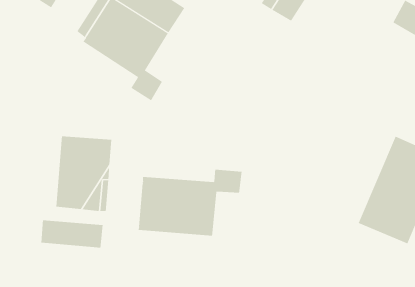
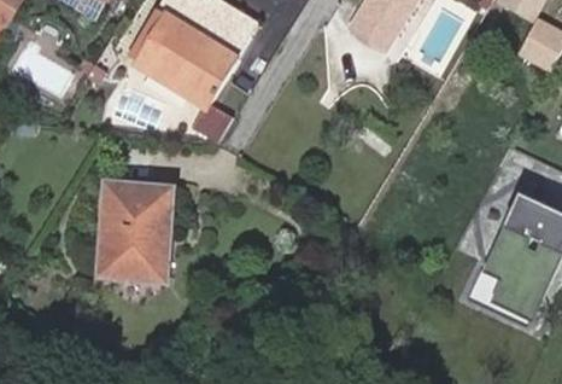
building: [138,169,242,237] -> none
building: [41,219,103,249] -> none

